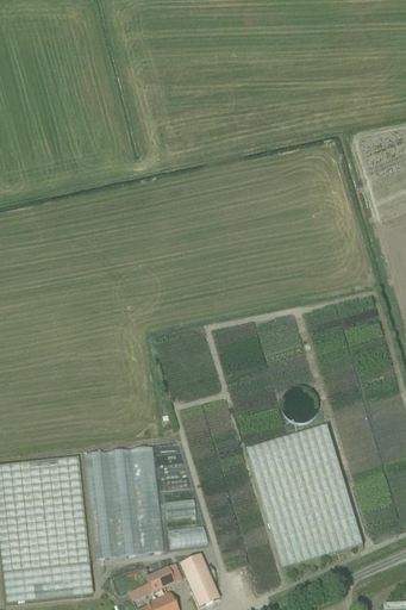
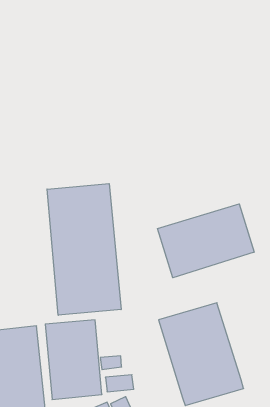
building: none -> [47,184,121,315]
building: none -> [158,204,254,278]

